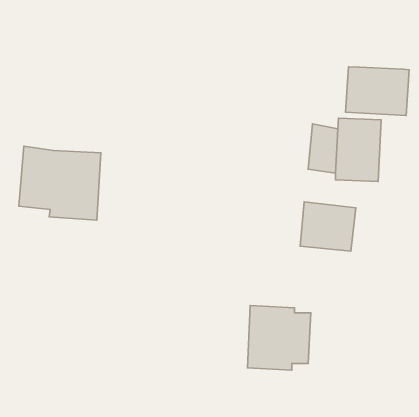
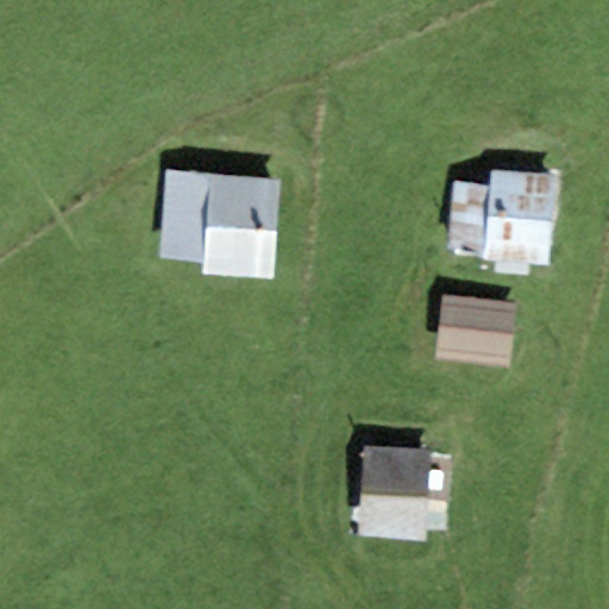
building: [346,67,409,115] -> none
building: [19,146,101,220] -> [159,169,278,276]

